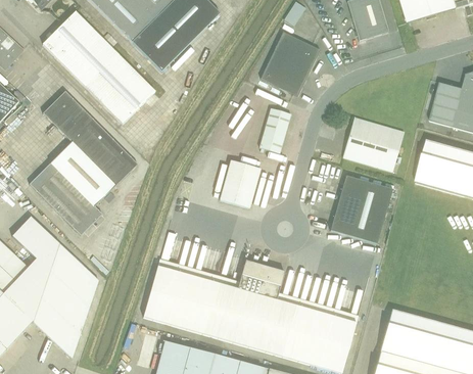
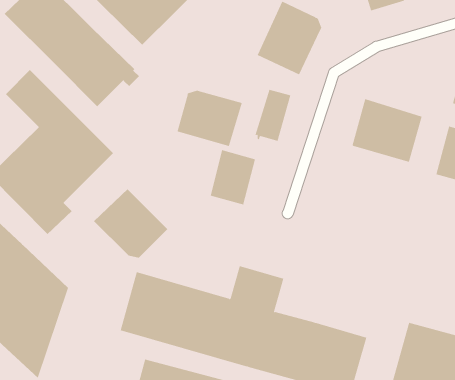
building: none -> [177,90,242,147]
building: [331,176,393,244] -> none
building: none -> [93,188,168,259]

